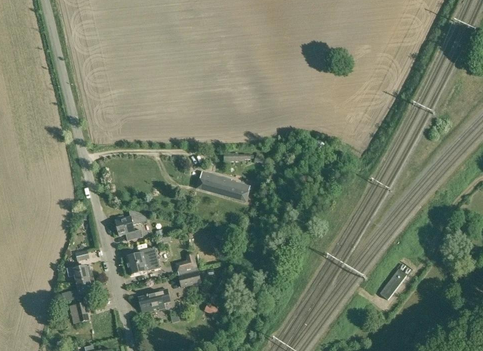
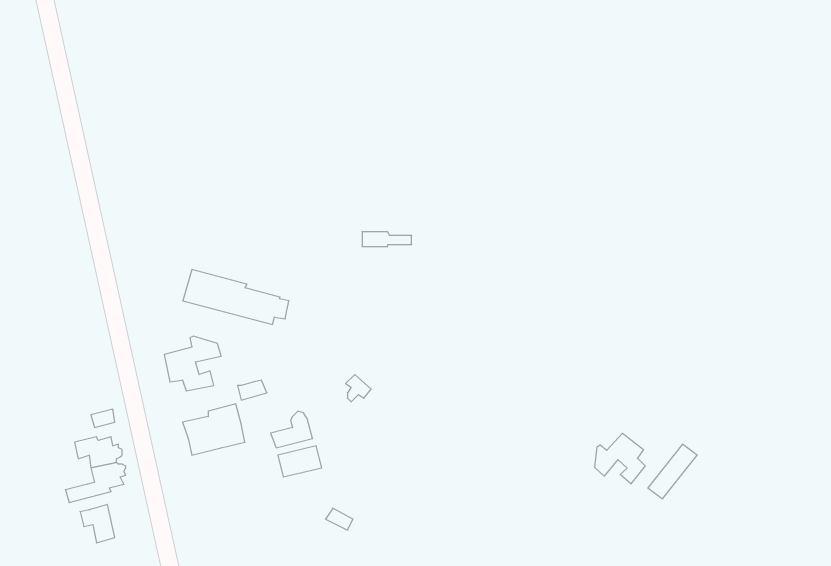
building: [196,170,254,200] -> [183,270,289,324]
building: none -> [595,433,645,484]
building: [138,287,170,312] -> none

